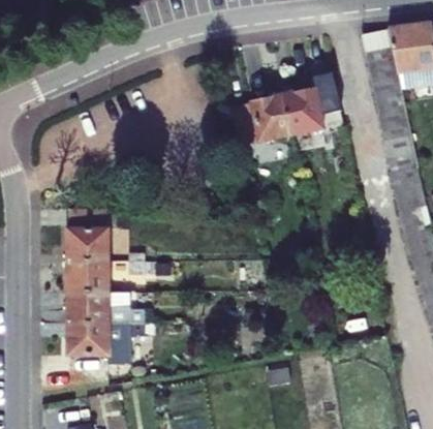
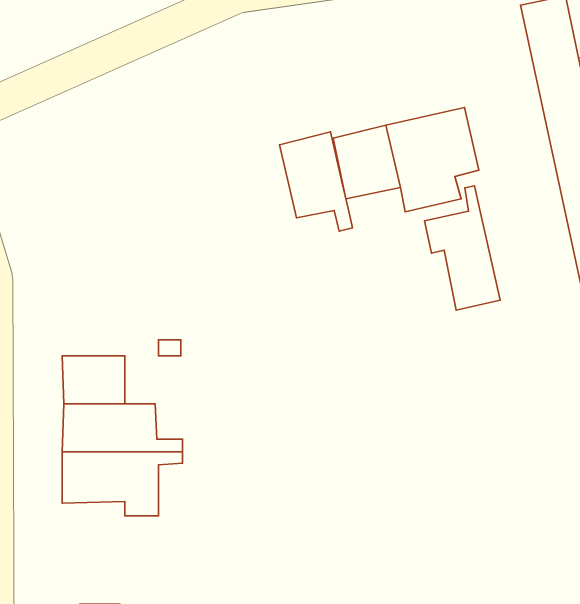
building: none -> [280,132,353,231]
building: none -> [424,186,500,310]
building: [65,205,105,257] -> none

